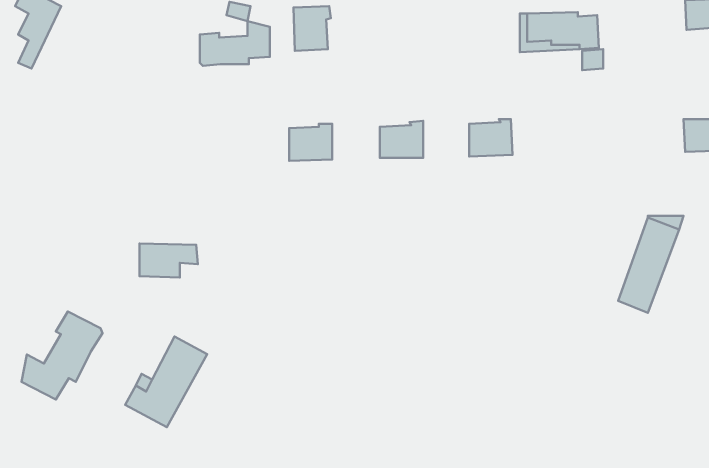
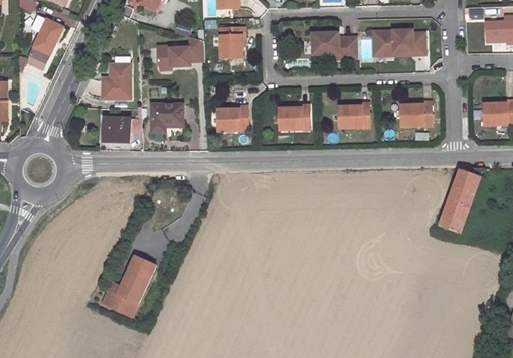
building: none -> [311,31,357,58]
building: none -> [103,63,130,98]
building: none -> [400,101,430,126]
building: none -> [152,103,182,130]
building: [140,243,198,278] -> [103,117,142,140]
building: [21,312,102,400] -> none

